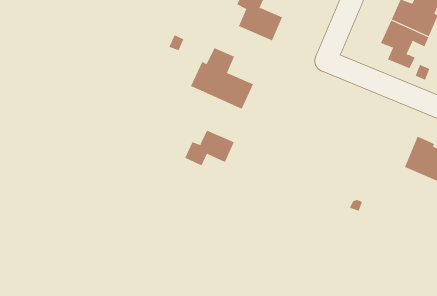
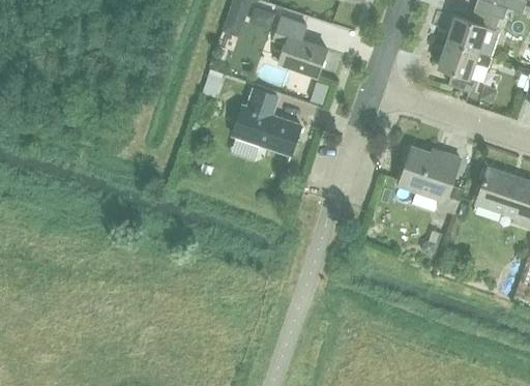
building: none -> [400,147,462,212]
building: [184,130,235,166] -> none

